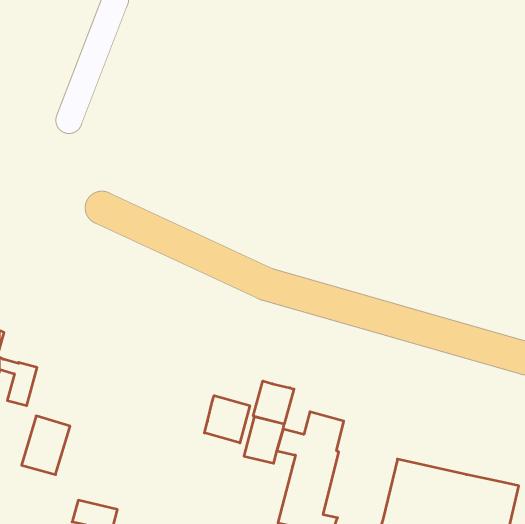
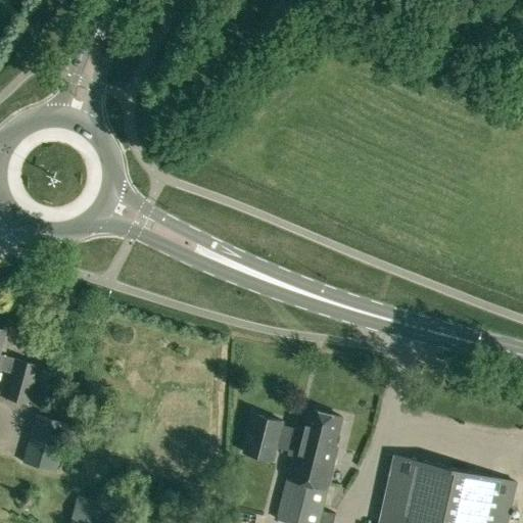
building: [253,381,294,424] -> none
building: [204,396,250,443] -> none

